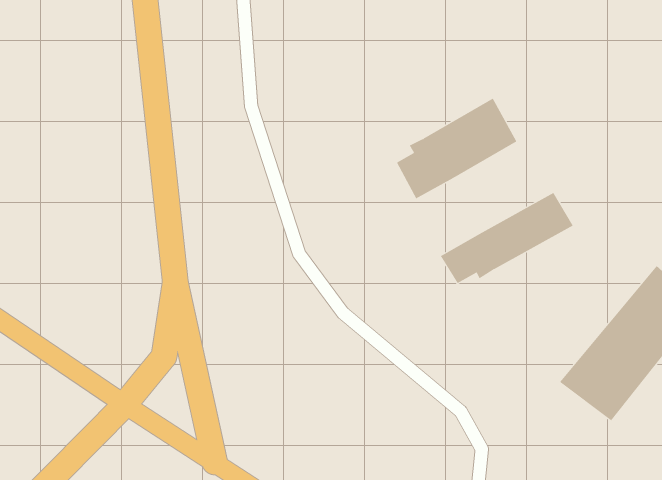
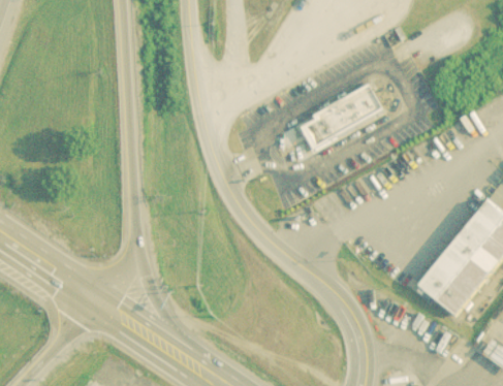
building: [440,192,573,284] -> none

